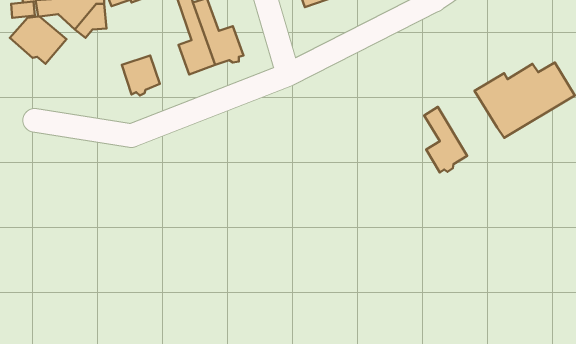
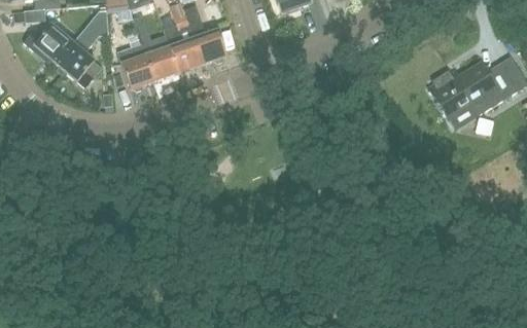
building: none -> [133,14,180,79]
building: none -> [55,32,95,86]
building: [424,107,467,173] -> none

